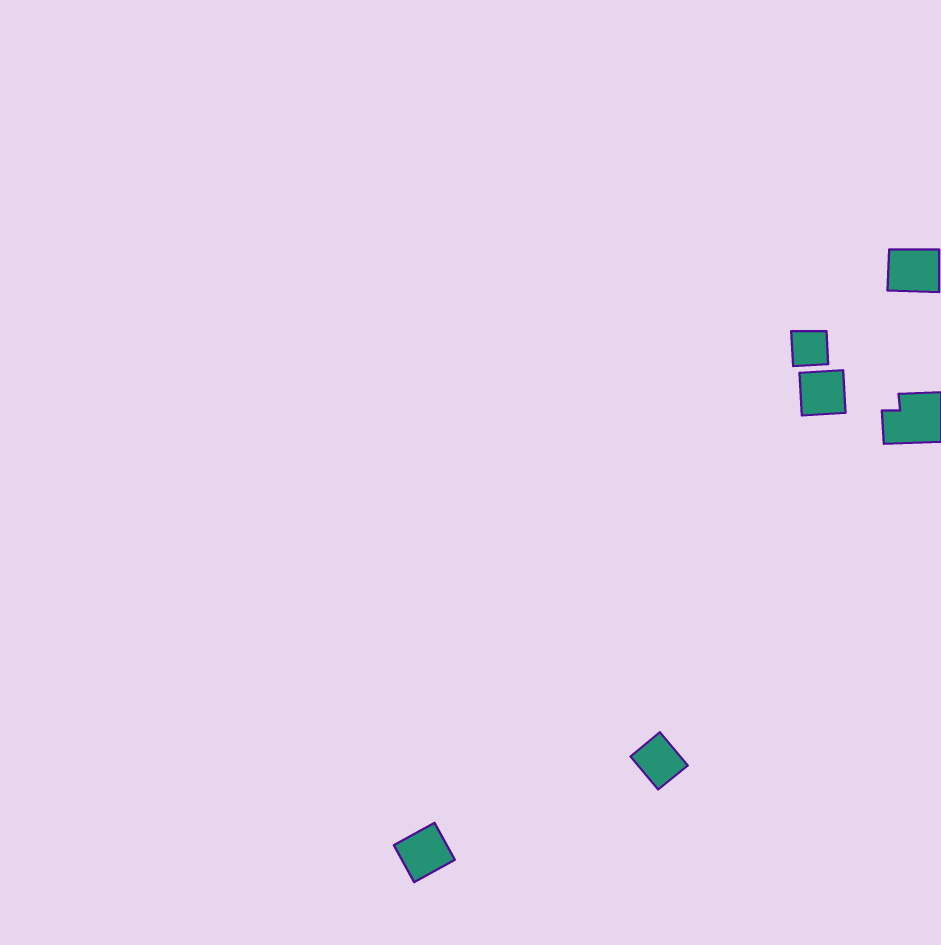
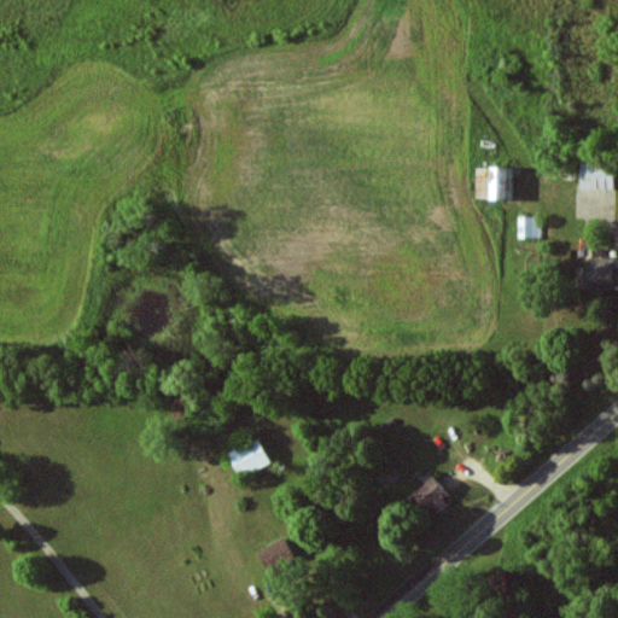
building: none -> [476,168,509,200]
building: [800,370,846,416] -> none
building: none -> [228,439,269,476]

